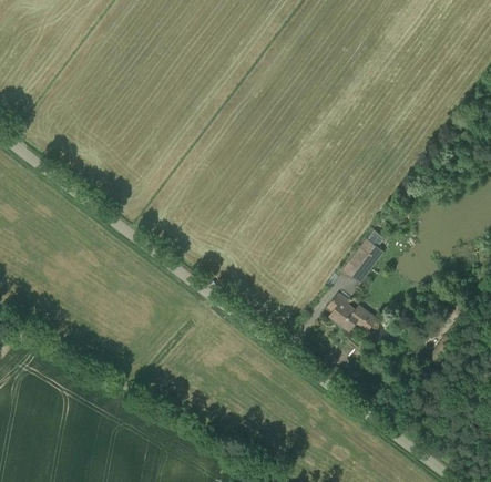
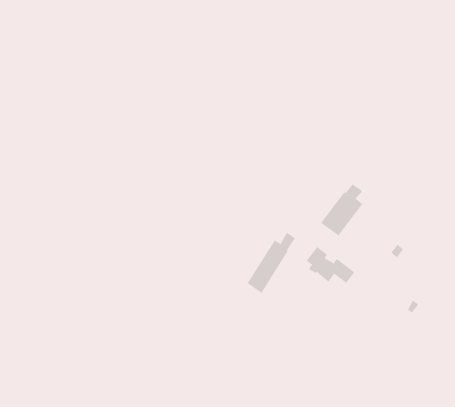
building: none -> [247,232,295,294]

